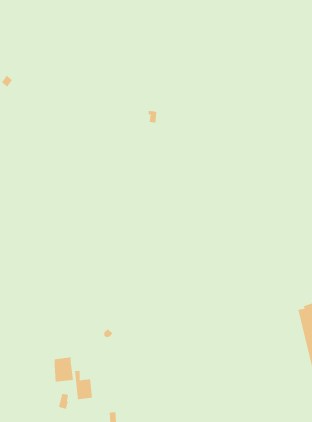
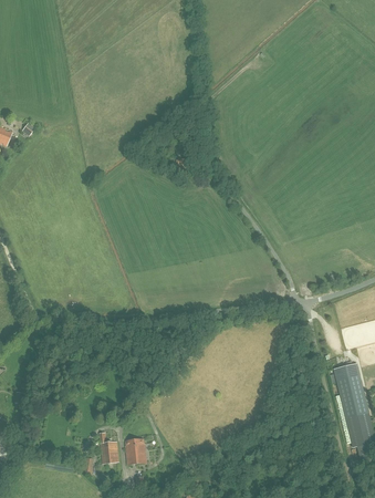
building: [54,357,74,382] -> [126,437,147,464]

